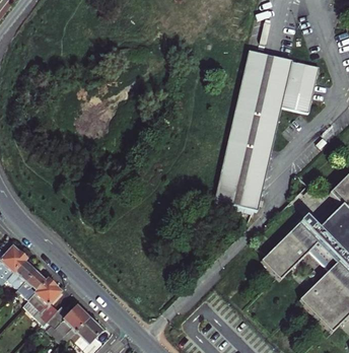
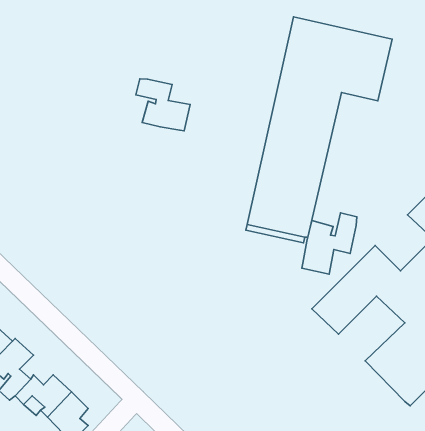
building: none -> [136,79,190,131]
building: none -> [302,213,357,274]

